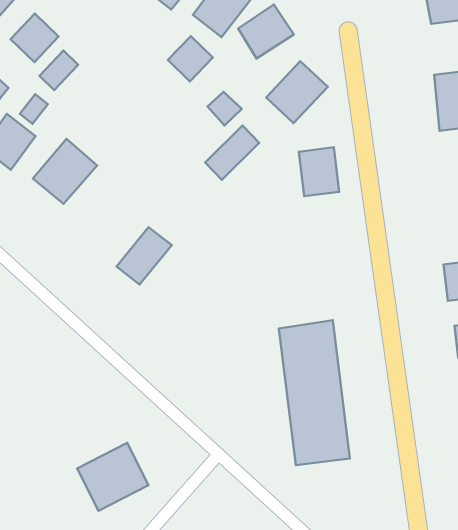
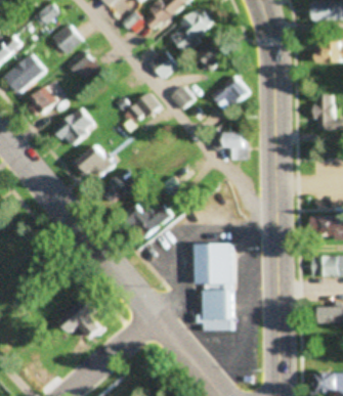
building: [205,126,259,180] -> [123,94,159,127]
building: none -> [72,142,116,185]
building: none -> [131,197,172,236]

